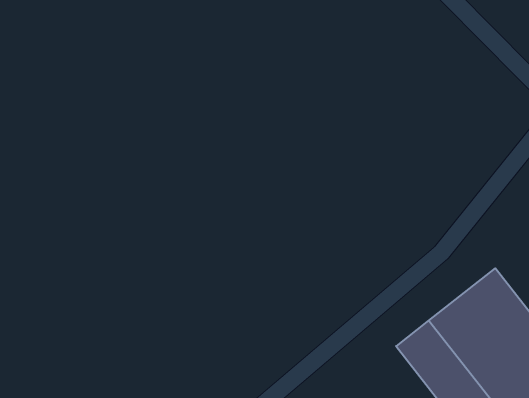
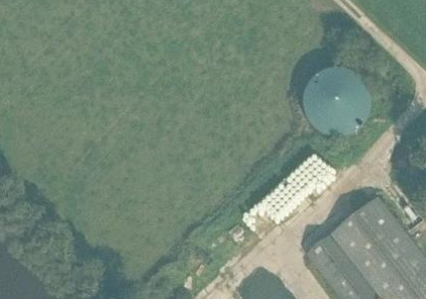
building: none -> [303,68,370,136]

